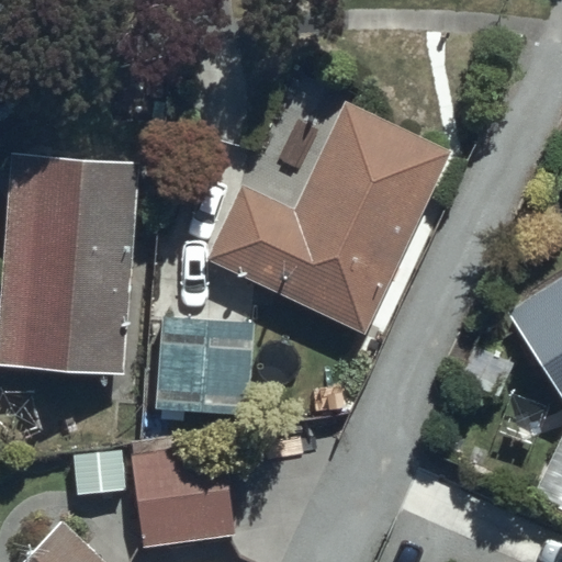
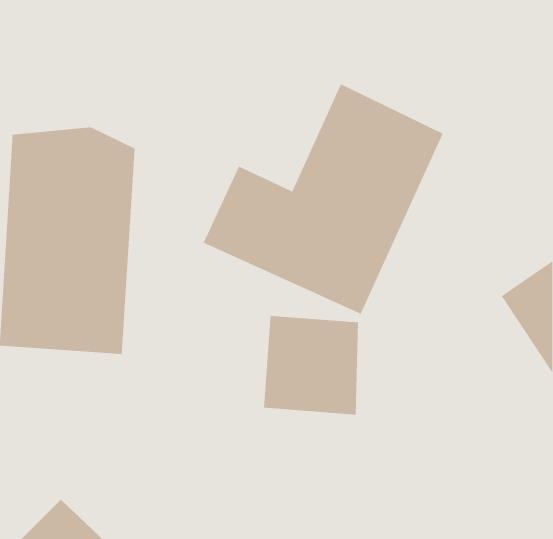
building: [155,321,251,422] -> [263,316,359,415]
building: [130,443,237,551] -> none

